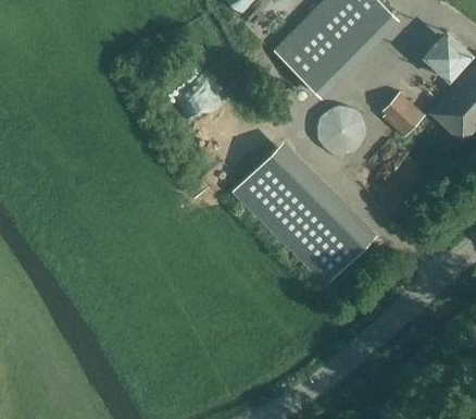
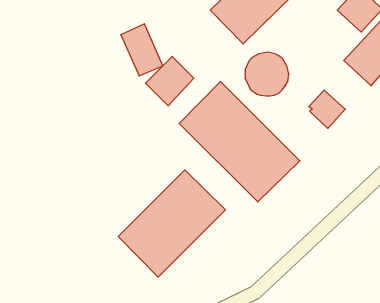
building: [383,93,426,138] -> [309,90,345,128]
building: none -> [145,56,194,106]
building: none -> [118,170,225,277]

